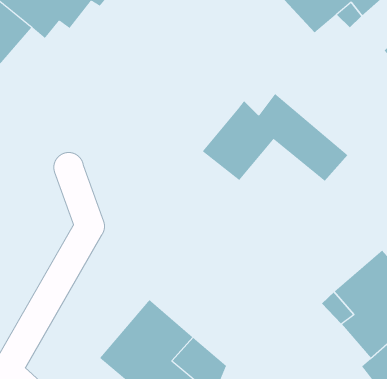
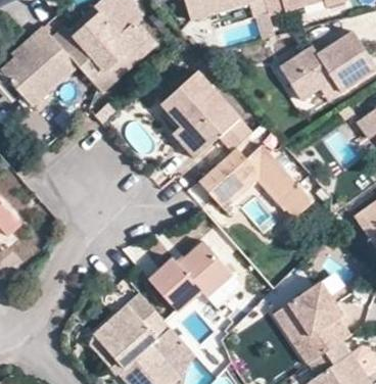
building: none -> [160,70,252,159]
building: none -> [148,240,232,311]

